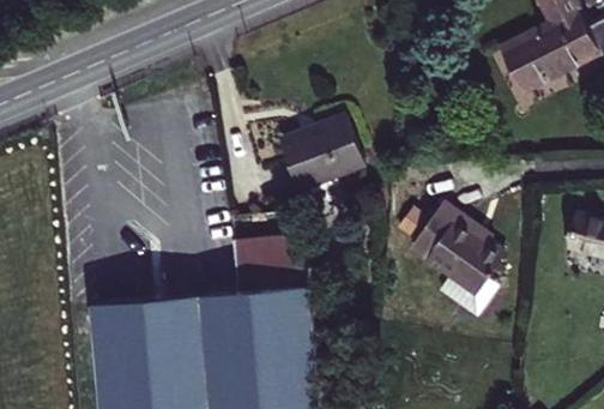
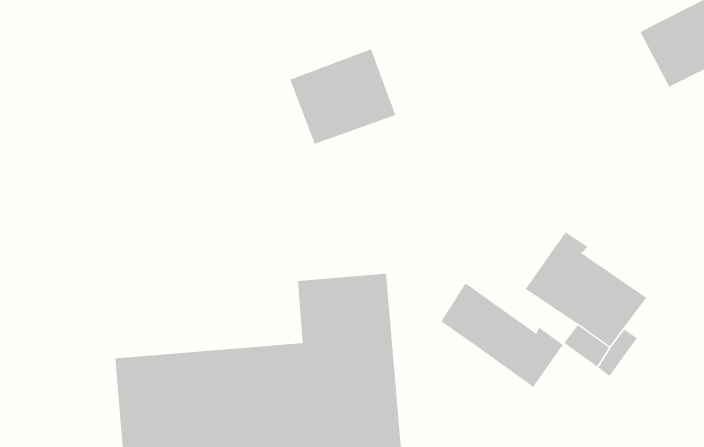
building: [280,115,363,190] -> [289,49,396,145]
building: none -> [440,282,563,388]

